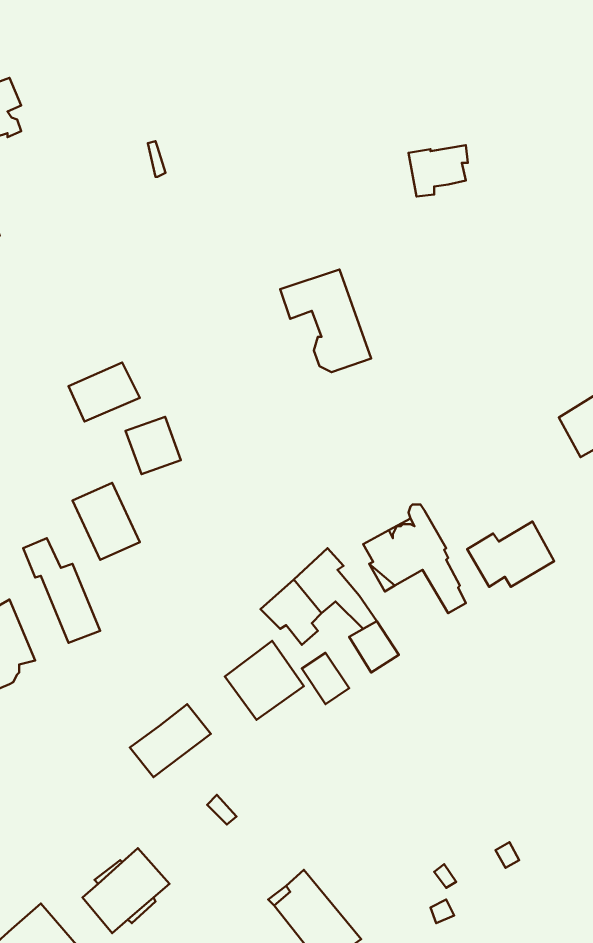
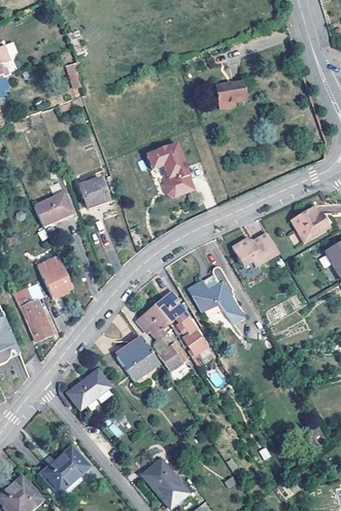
building: [126,417,181,474] -> [80,176,109,206]
building: [467,522,554,587] -> [233,233,278,267]

